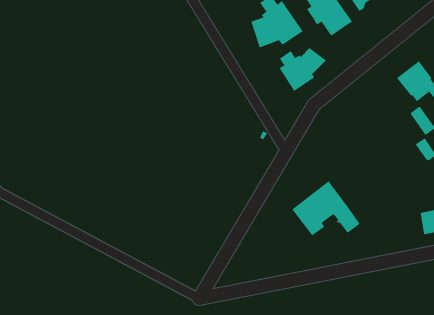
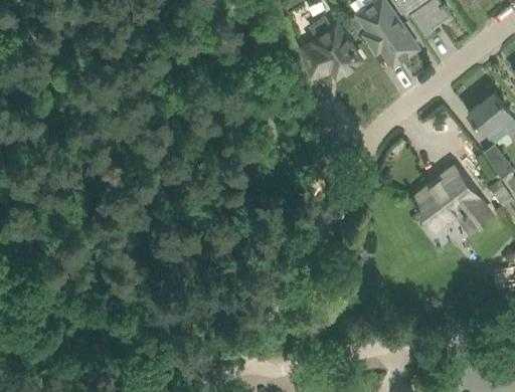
building: [279,47,327,92] -> none
building: [292,180,360,236] -> [411,167,490,230]

